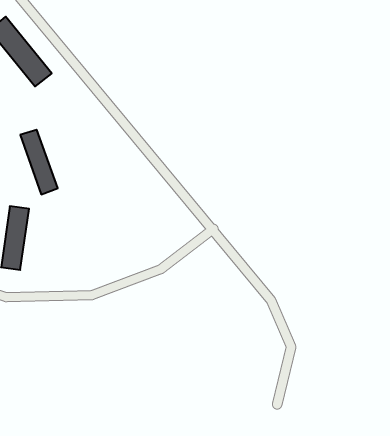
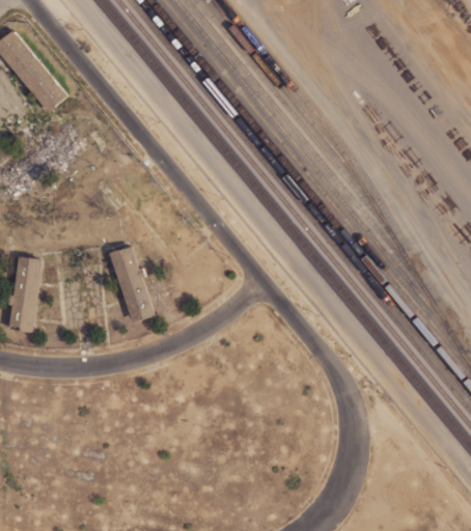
building: [20,130,58,194] -> [110,245,155,322]

